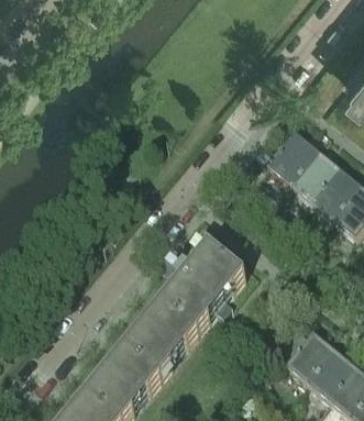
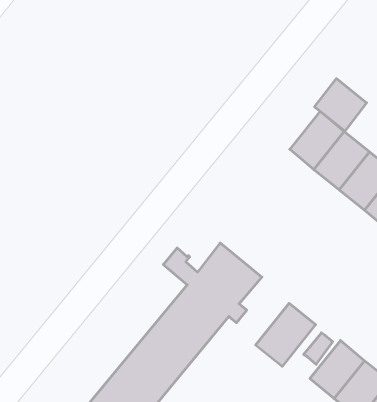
building: none -> [315,79,367,131]
building: none -> [256,303,316,366]

